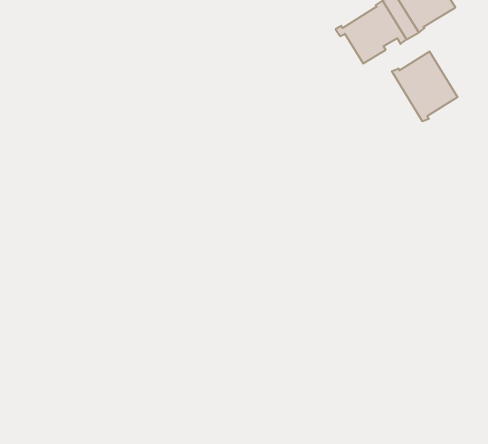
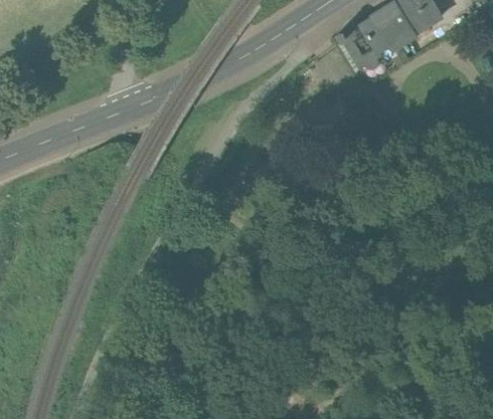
building: [392,51,458,121] -> none

